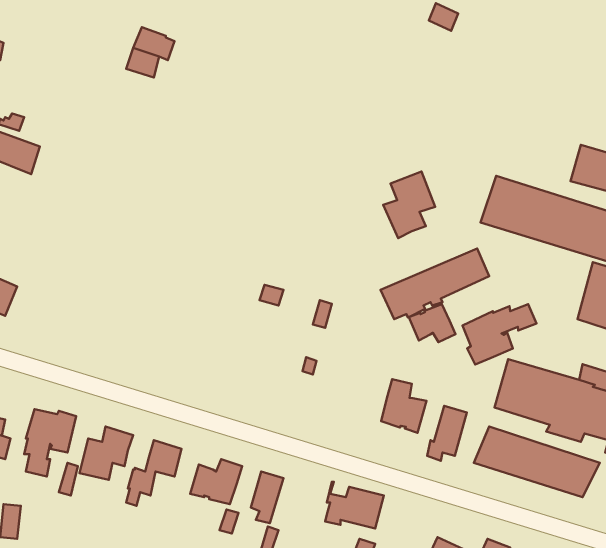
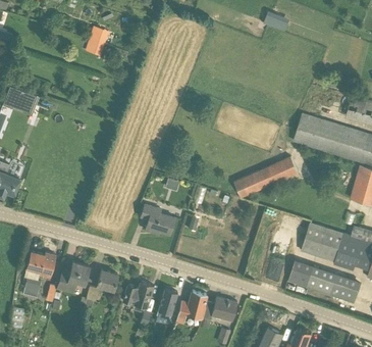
building: [383,171,435,238] -> none
building: [409,304,456,342] -> none
building: [462,304,536,364] -> none
building: none -> [140,203,174,234]
building: [381,379,426,433] -> none
building: none -> [175,290,206,323]

